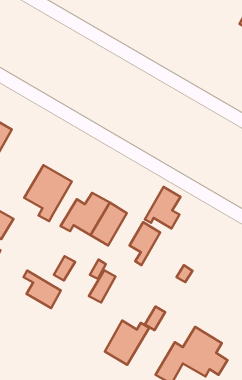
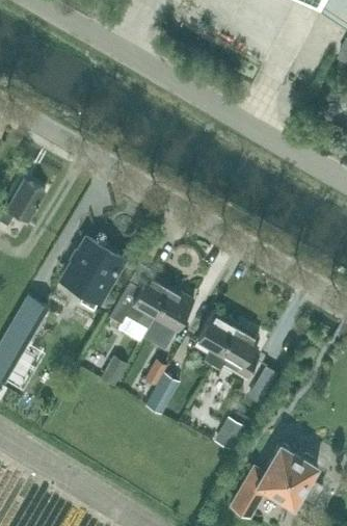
building: [145,187,180,228] -> [212,325,258,378]
building: [23,271,61,308] -> none
building: [105,321,149,365] -> none

